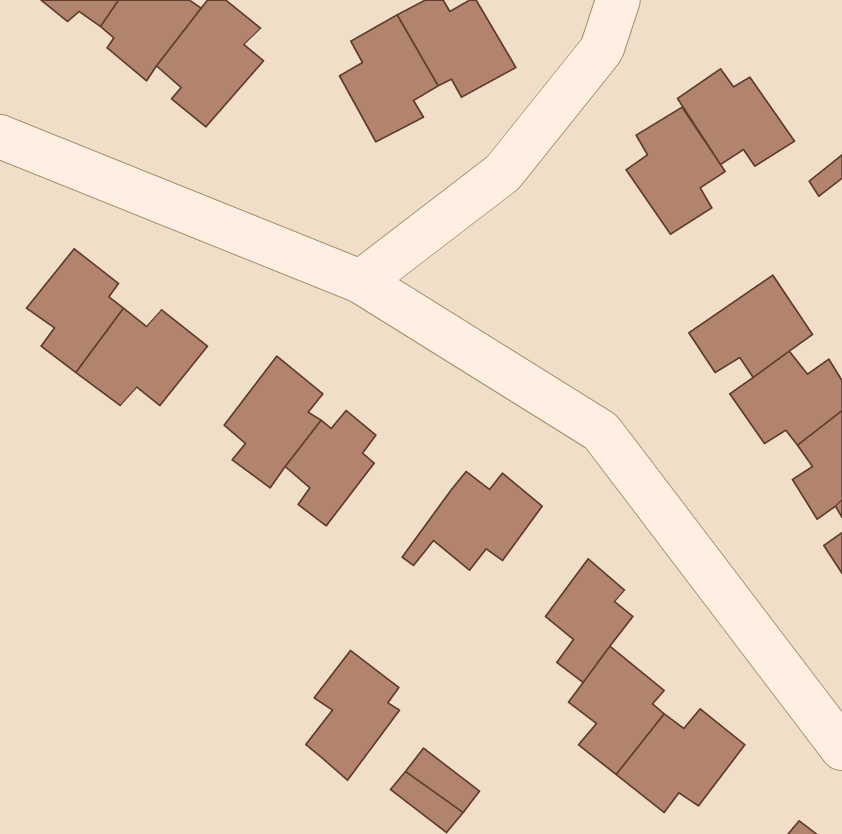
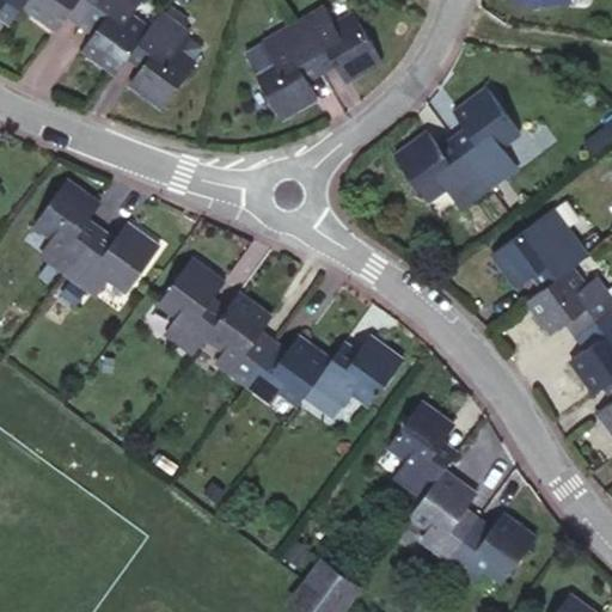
building: [677,69,794,166] -> [402,123,486,194]
building: none -> [237,339,328,415]
building: [306,650,399,780] -> none

